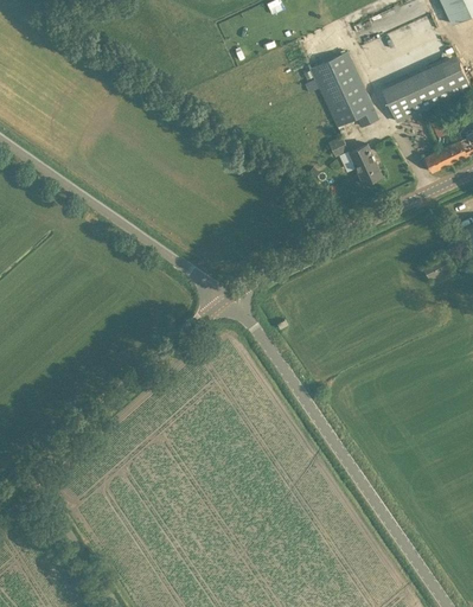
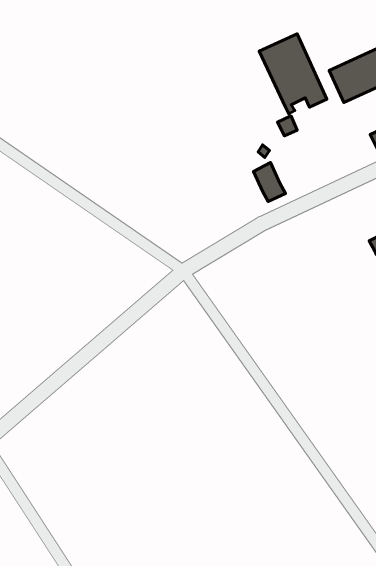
building: [350,143,383,184] -> [253,163,285,201]

